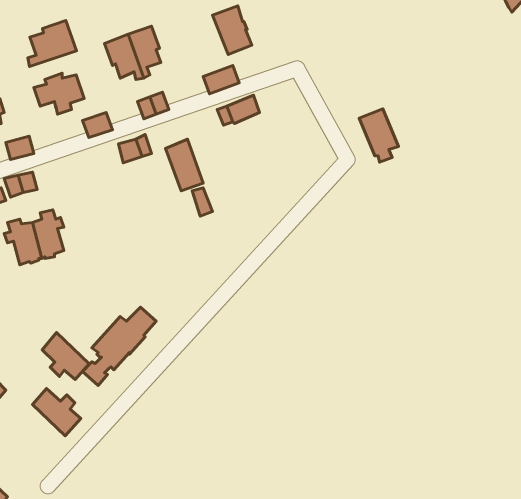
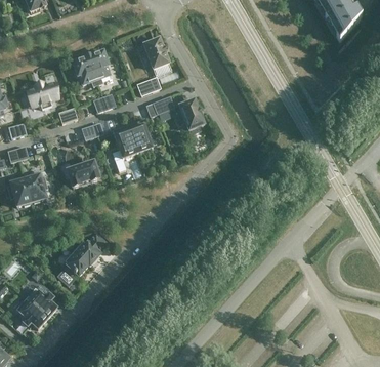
building: [28,21,77,67] -> none
building: [359,109,398,162] -> [178,98,204,133]
building: none -> [126,119,152,153]
building: none -> [67,160,98,187]
building: [42,333,89,380] -> [15,297,46,328]

